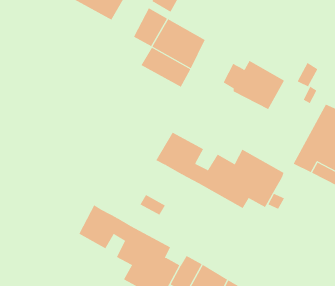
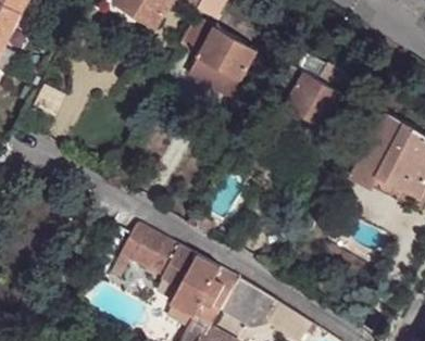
building: [156,132,284,209] -> none

